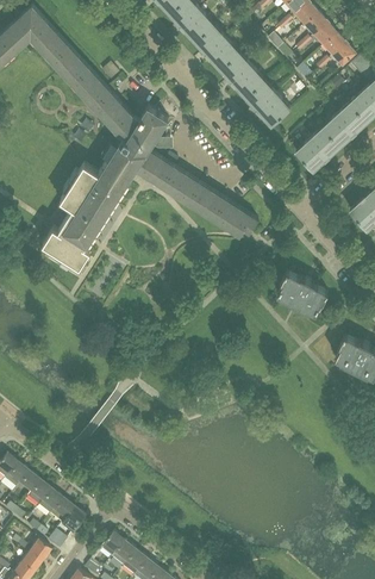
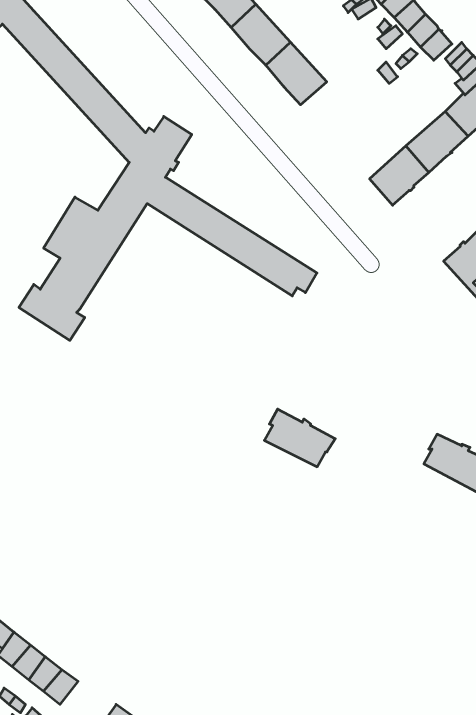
building: [246,81,290,125] -> none
building: [277,272,329,313] -> [264,409,335,467]

